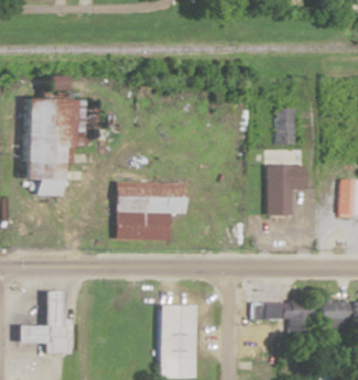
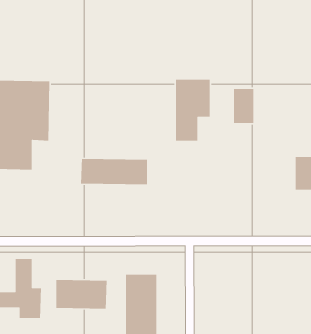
building: [267,150,304,216] -> [175,79,211,141]
building: [113,214,169,246] -> [55,279,108,309]
building: [256,287,312,337] -> none
building: [322,300,349,328] -> none

